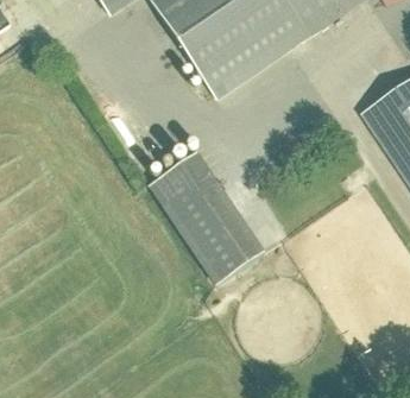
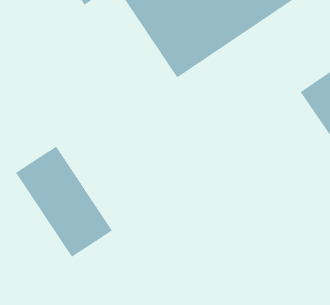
building: [141,150,257,282] -> [15,146,113,258]

